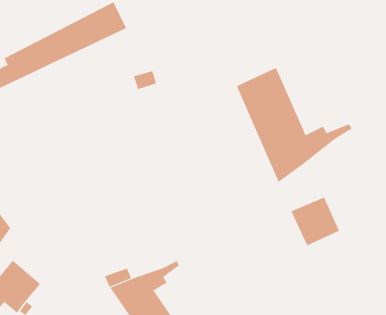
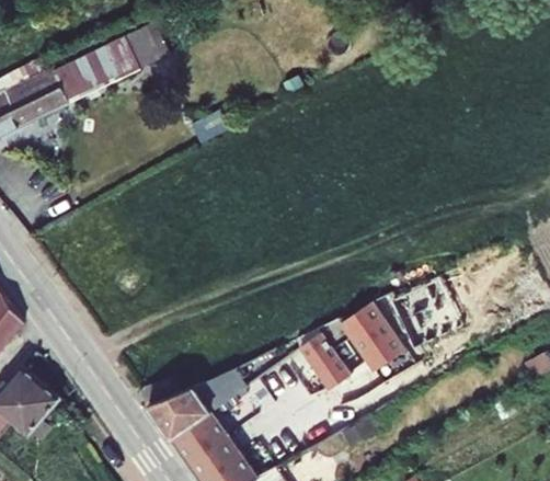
building: [236,67,353,183] -> none
building: none -> [299,305,405,426]

